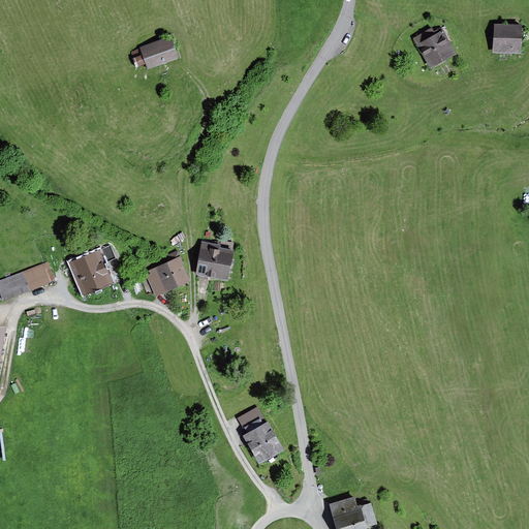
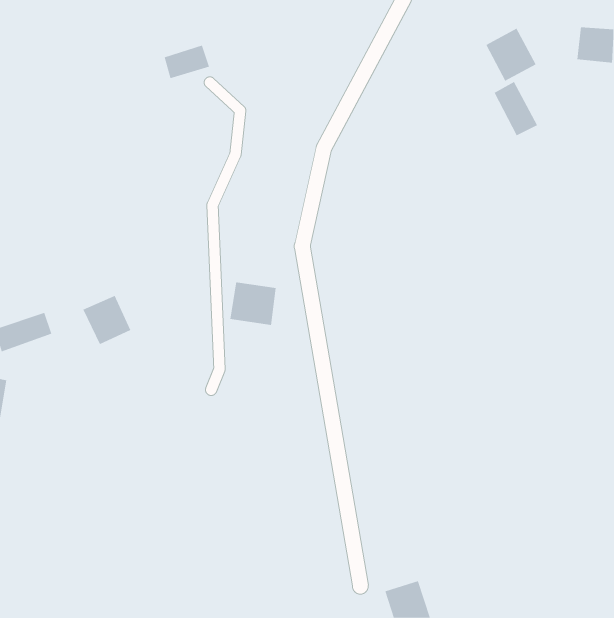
building: none -> [494,81,538,136]
building: [143,259,184,298] -> none
building: [236,406,282,461] -> none

